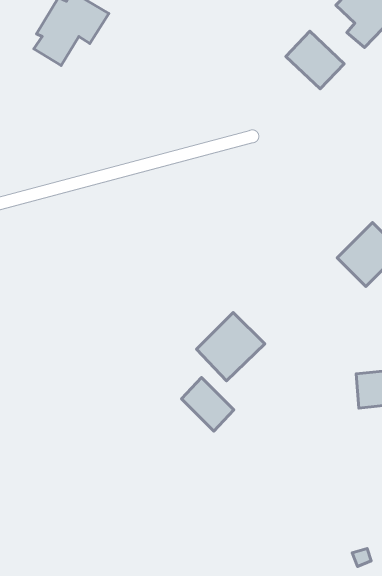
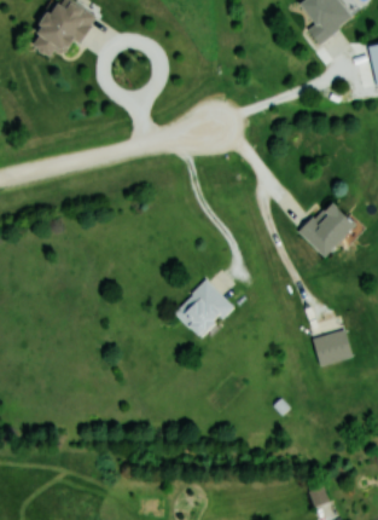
building: [286,31,344,89] -> none
building: [181,378,234,431] -> none

